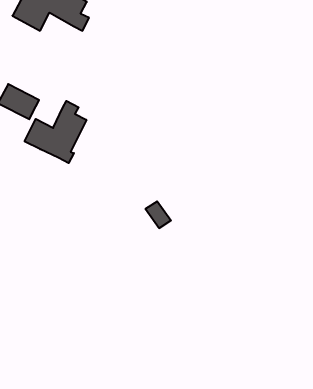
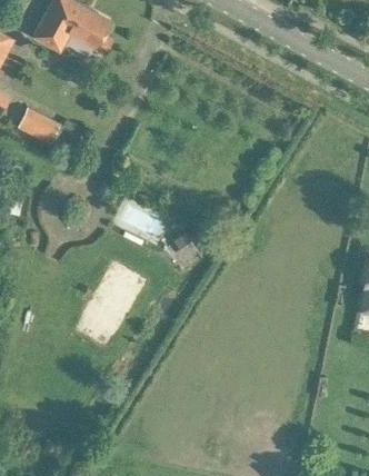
building: [25,101,86,163] -> none

